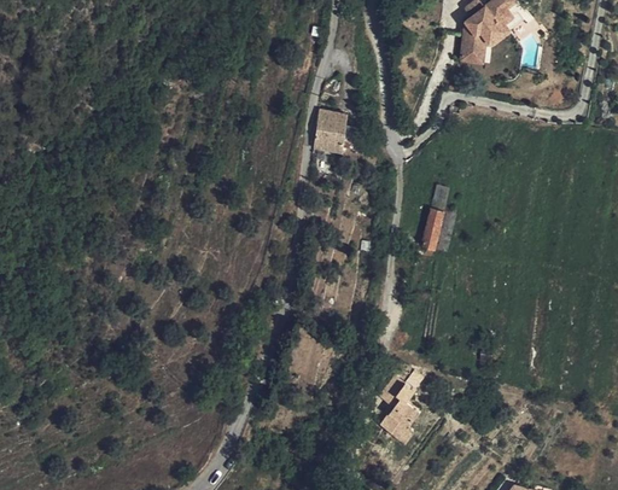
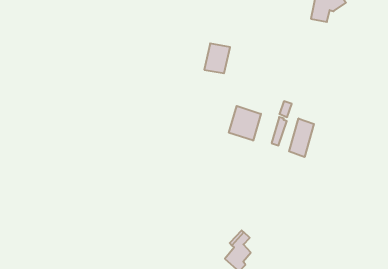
building: none -> [229,106,261,141]
building: none -> [289,118,314,157]

